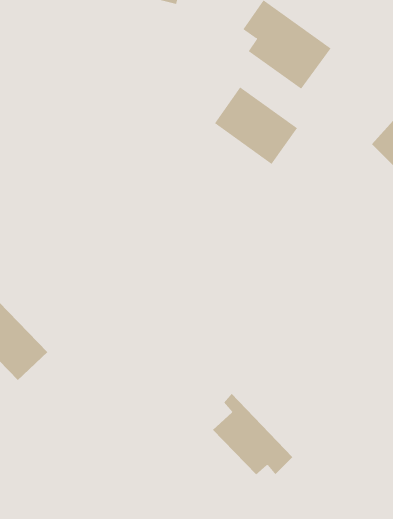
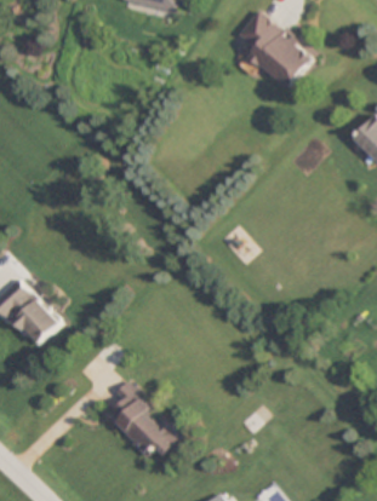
building: [214,86,298,165] -> none
building: [212,393,293,475] -> [107,384,178,456]

